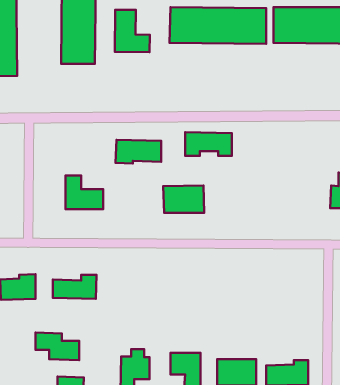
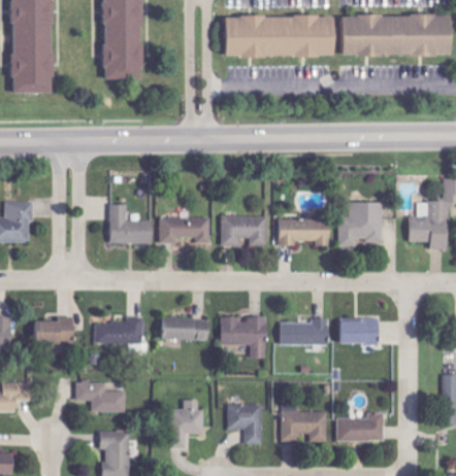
building: [115,10,150,52] -> none
building: [185,132,232,156] -> [278,218,330,245]
building: [115,140,161,164] -> [157,216,208,243]
building: none -> [337,201,382,245]
building: none -> [220,315,265,358]
building: none -> [162,316,209,340]
building: none -> [279,317,328,345]
building: none -> [339,319,379,344]

